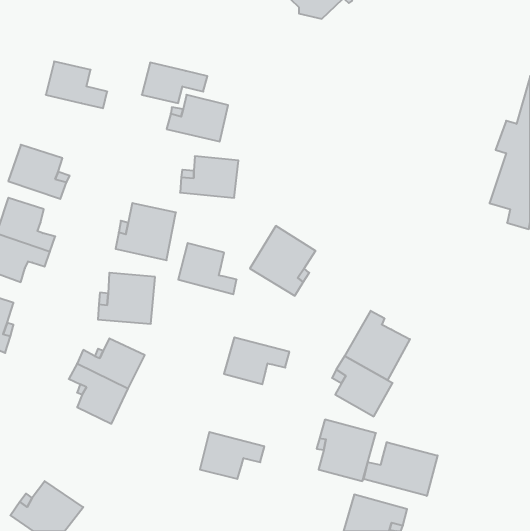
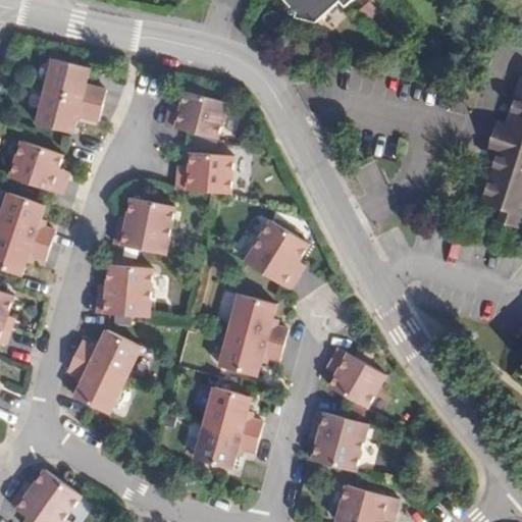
building: [142,63,207,103] -> [37,93,101,133]
building: [178,243,237,294] -> [229,295,286,345]
building: [345,311,410,380] -> none
building: none -> [205,387,262,437]
building: [364,442,438,496] -> none

